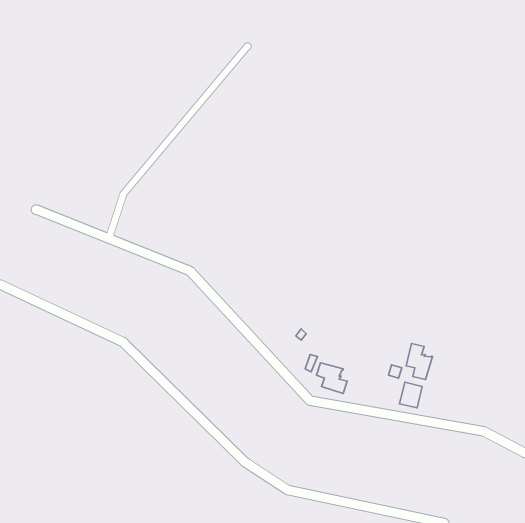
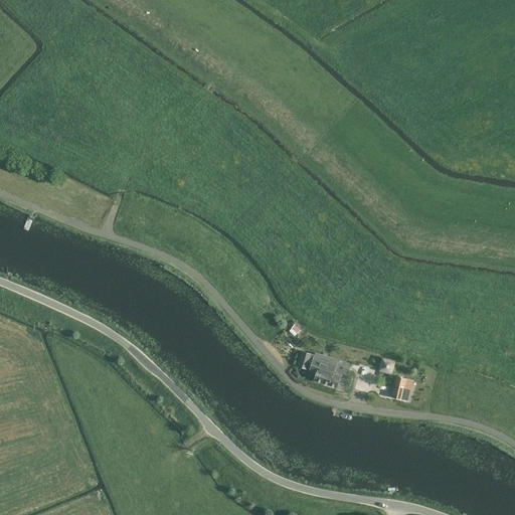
building: [406,343,432,379] -> none

